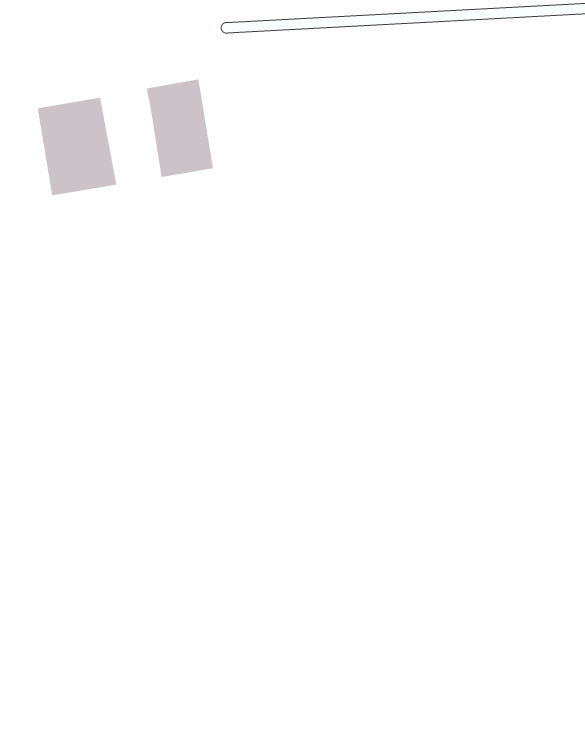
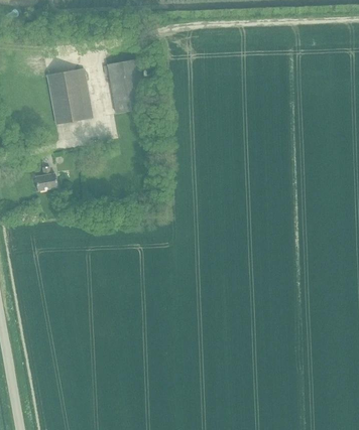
building: none -> [34,164,56,189]

